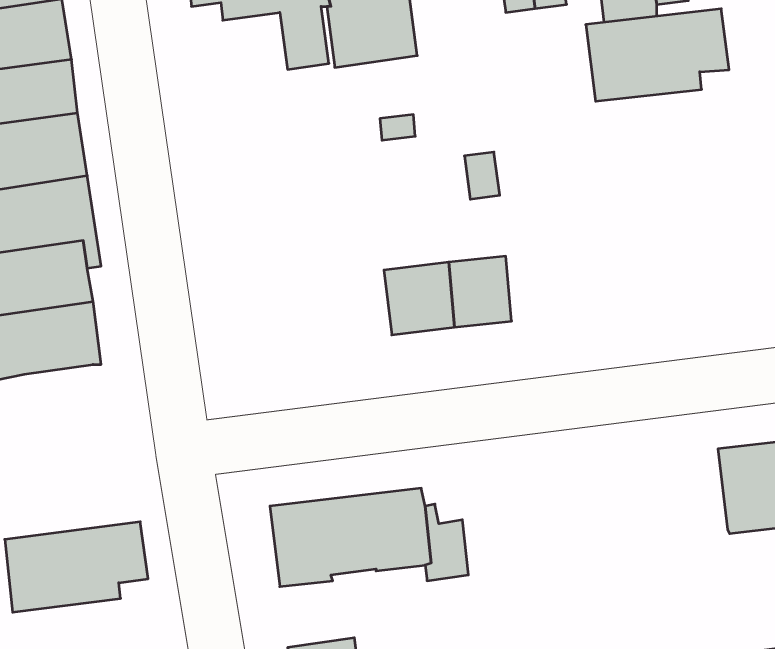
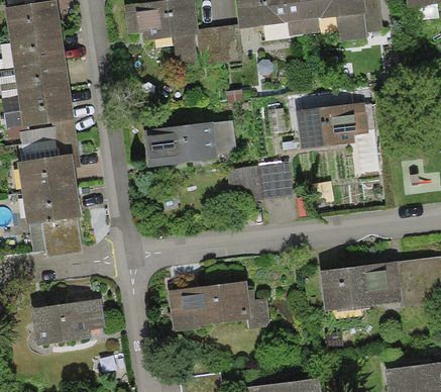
building: [586,9,729,101] -> [295,102,368,150]
building: none -> [142,120,235,167]
building: none -> [41,217,82,258]
building: none -> [319,261,403,312]

